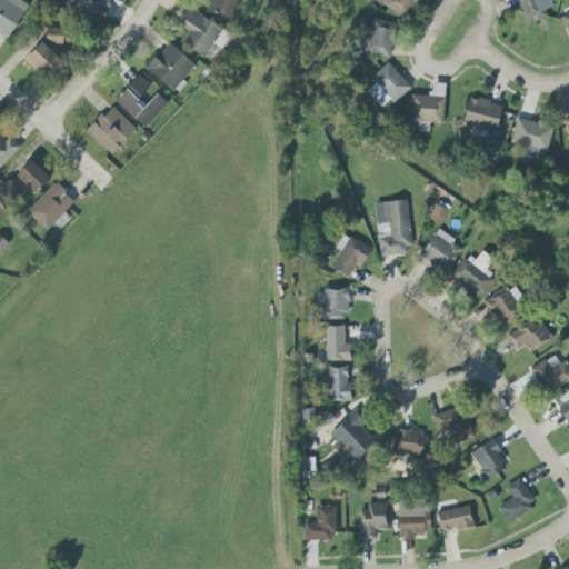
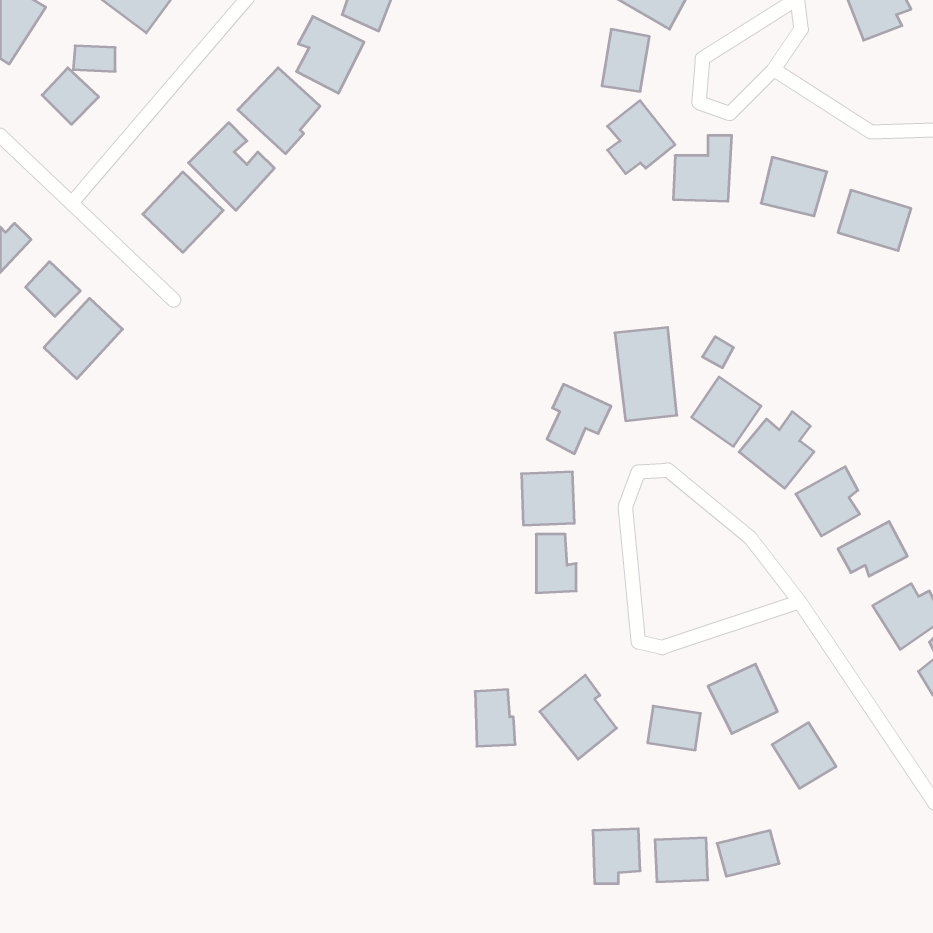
building: [328,366,352,400] -> [475,690,515,746]
building: [499,477,537,521] -> none
building: [305,505,336,539] -> none

